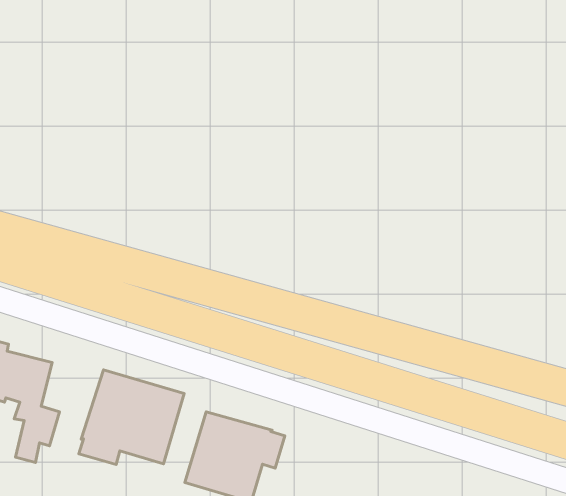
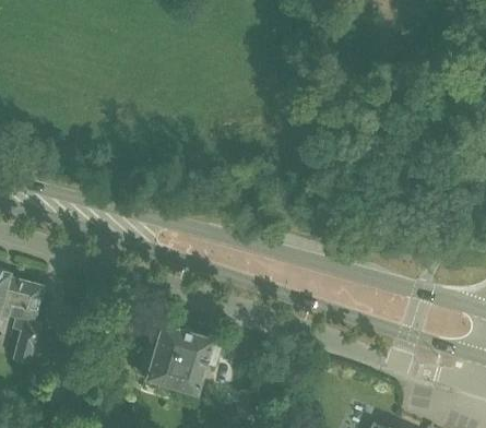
building: [79,370,184,465] -> none

